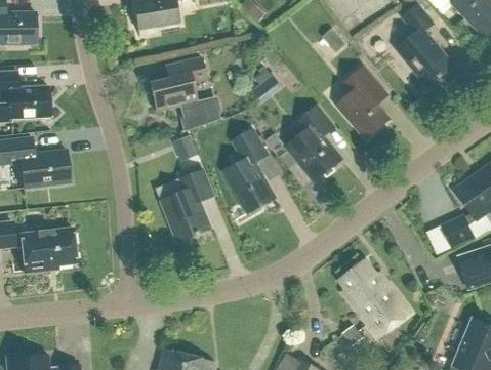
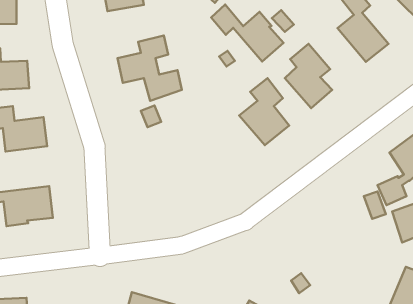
building: none -> [211,4,283,61]
building: [224,128,276,212] -> none
building: [161,169,214,241] -> none
building: [338,259,412,339] -> none

